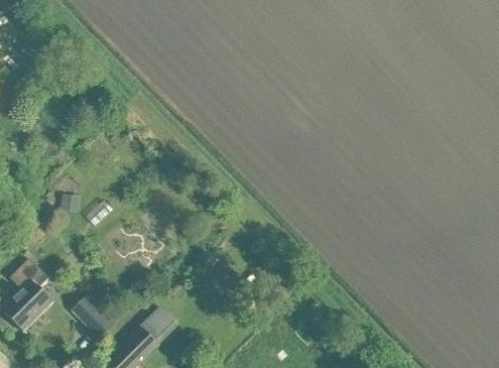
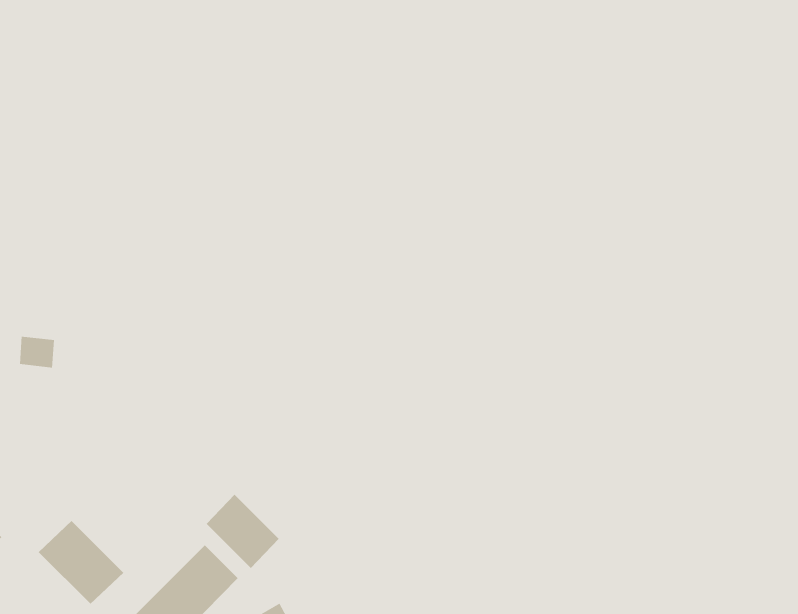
building: none -> [206,494,279,569]

